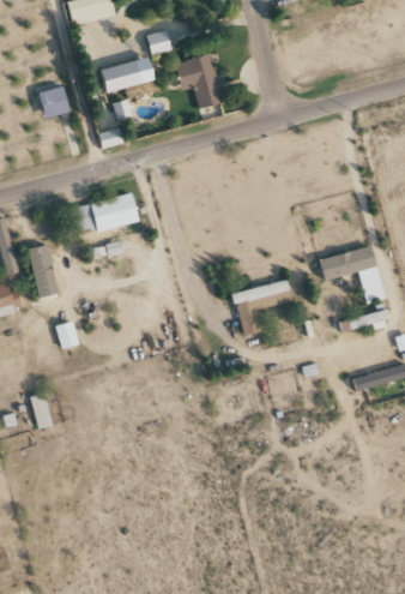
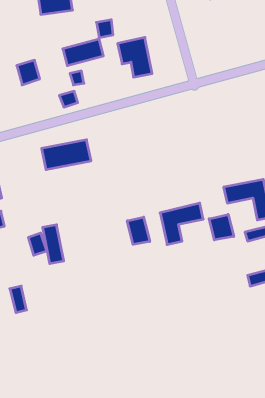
building: [29,245,58,298] -> [43,225,64,264]
building: none -> [209,214,234,240]
building: none -> [127,217,150,244]

